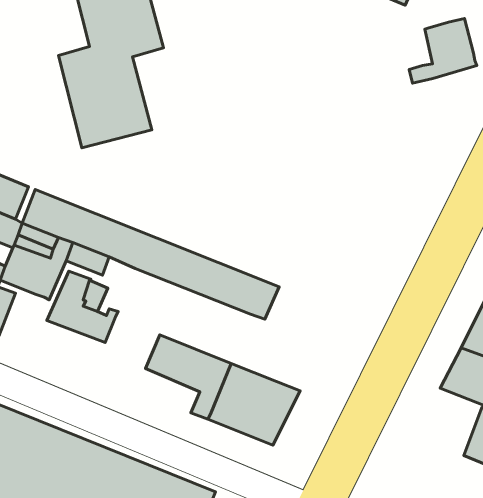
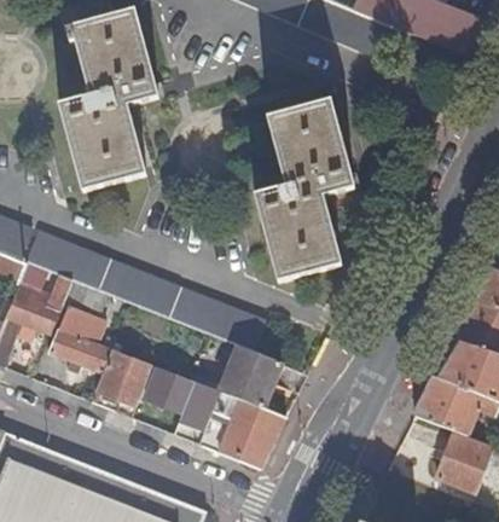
building: [409,18,477,83] -> none
building: none -> [255,100,354,282]
building: none -> [220,346,280,408]
building: none -> [95,348,153,417]

